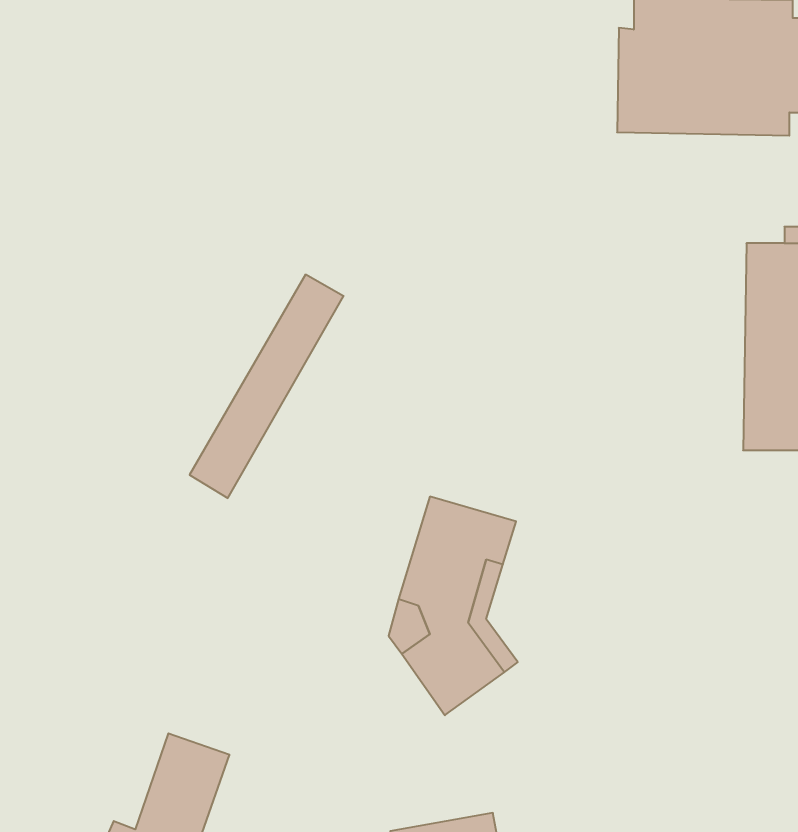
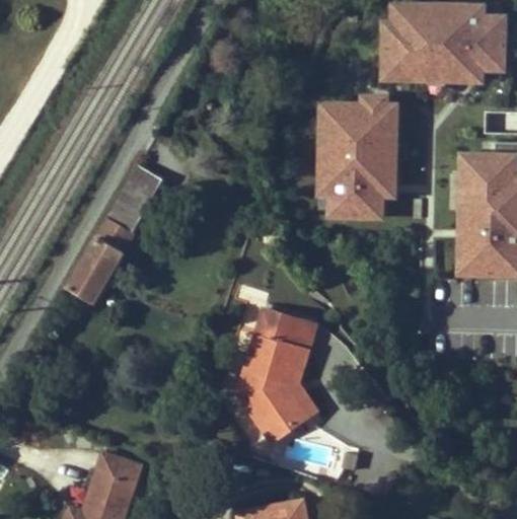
building: none -> [313,94,397,217]
building: [190,275,344,498] -> [68,164,162,301]

